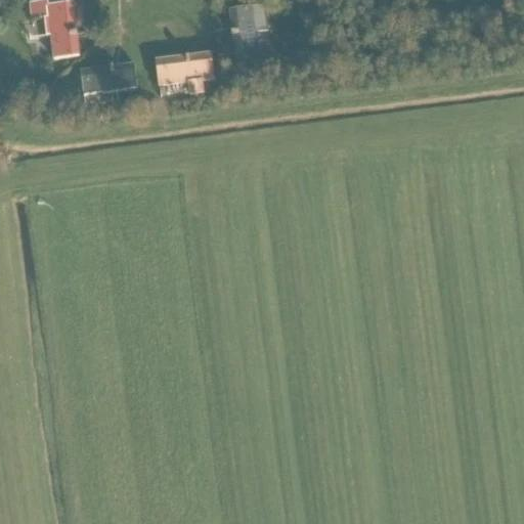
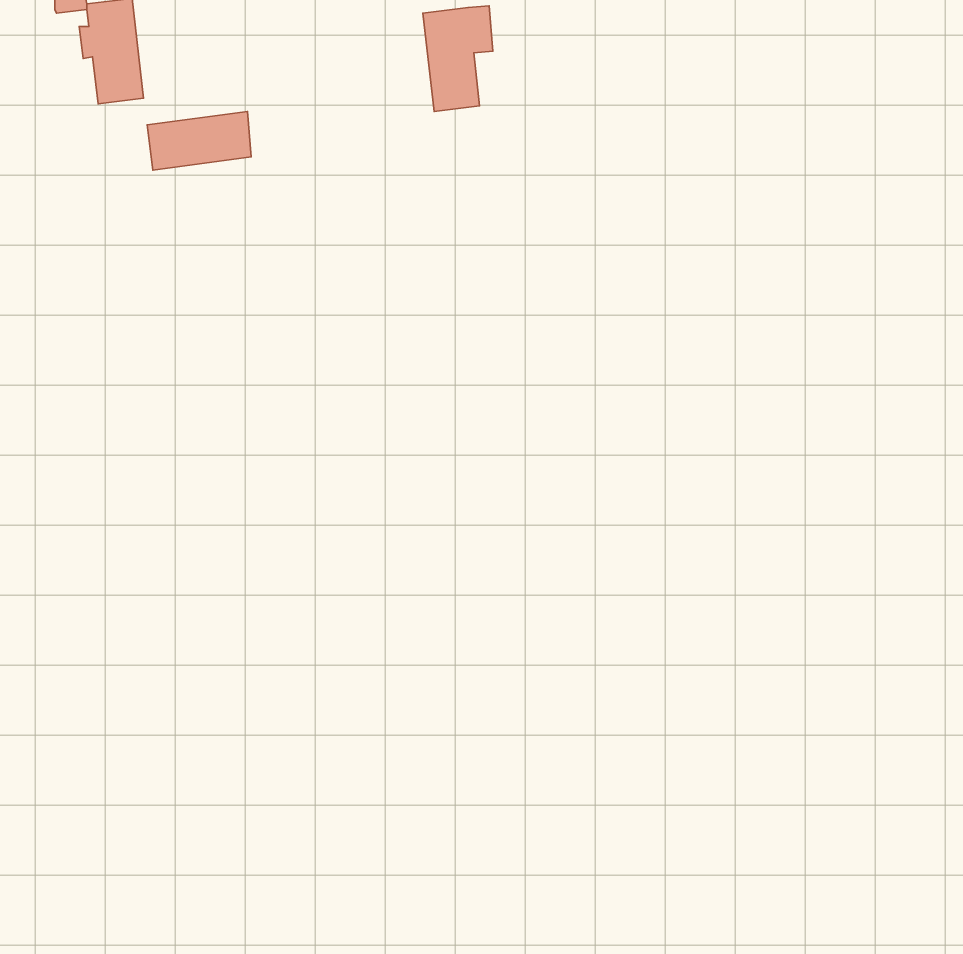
building: [156,51,213,91] -> none

